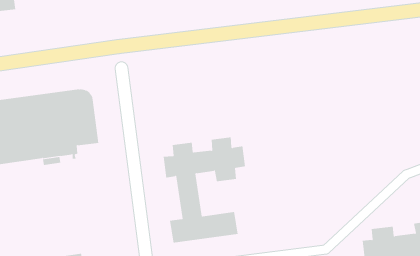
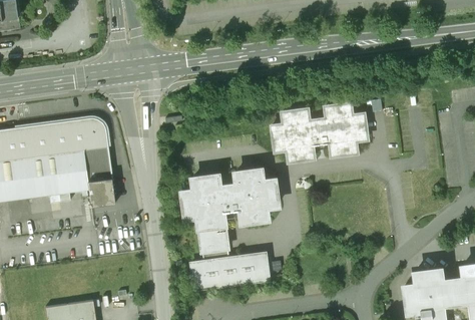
building: none -> [274,103,366,159]
building: none -> [88,178,115,206]

